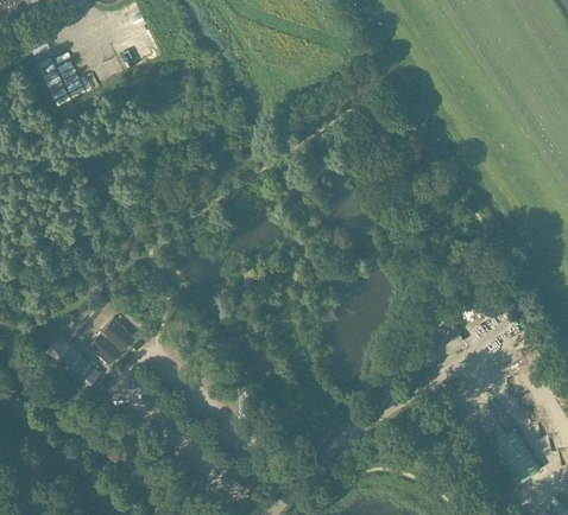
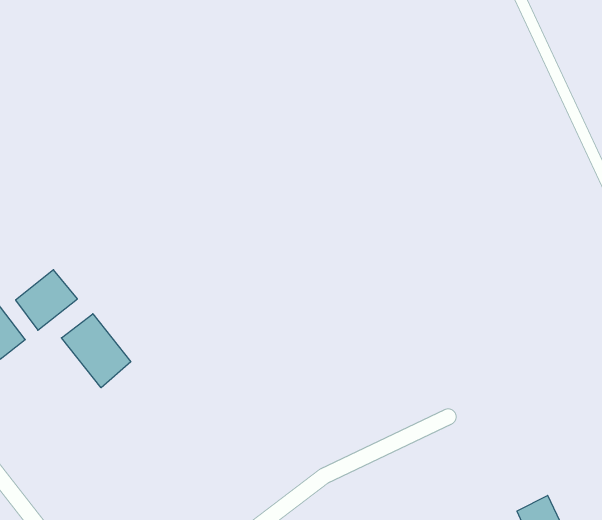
building: none -> [61,314,131,388]

